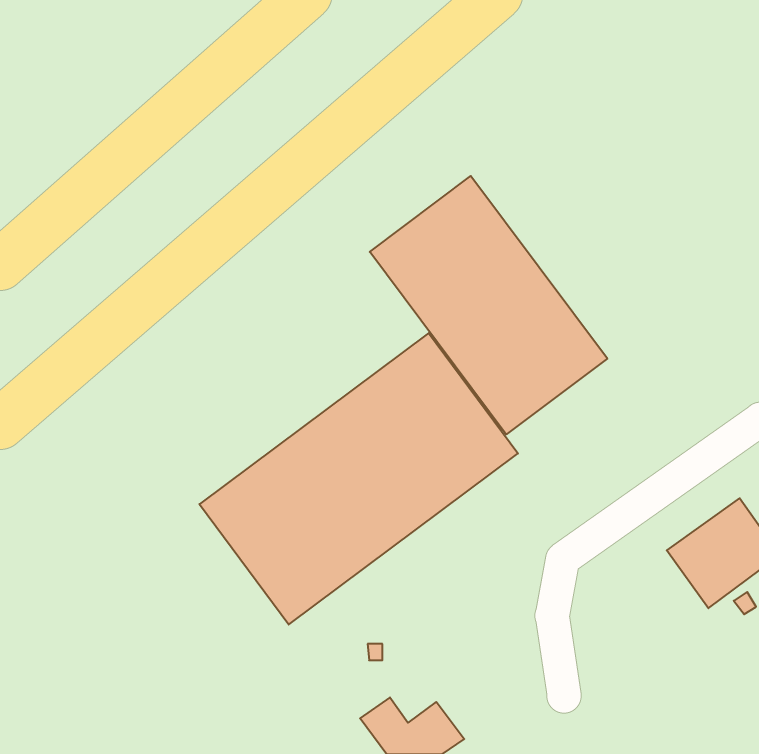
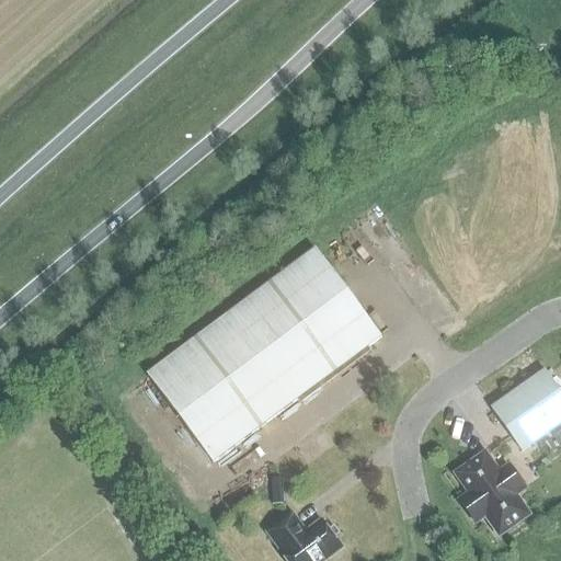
building: [370,176,607,434] -> none
building: none -> [456,449,530,534]

